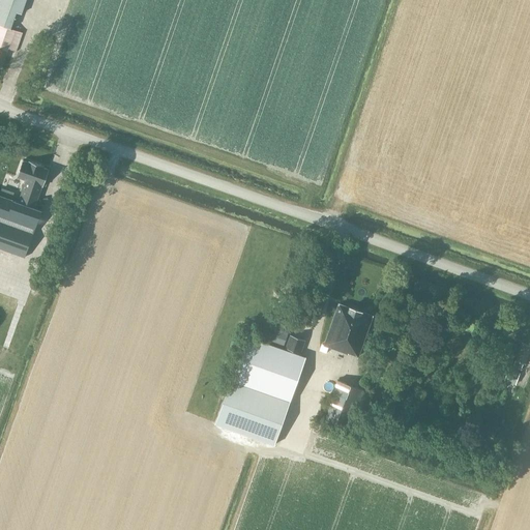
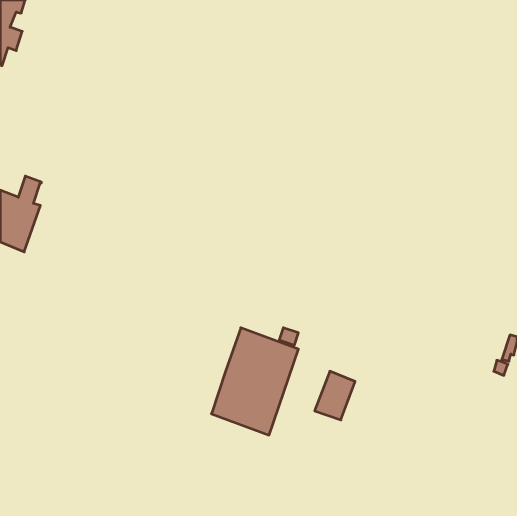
building: [17,161,49,187] -> none
building: [320,304,373,358] -> none

